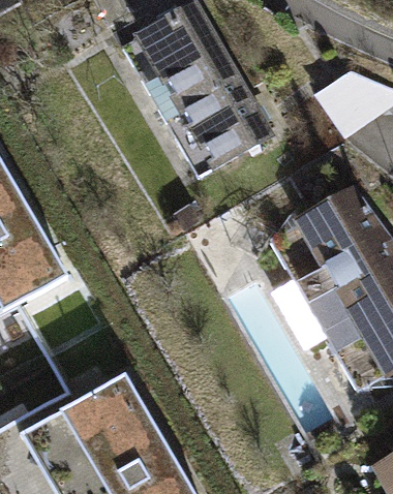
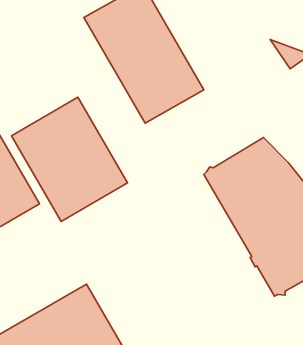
building: none -> [12,97,128,222]

